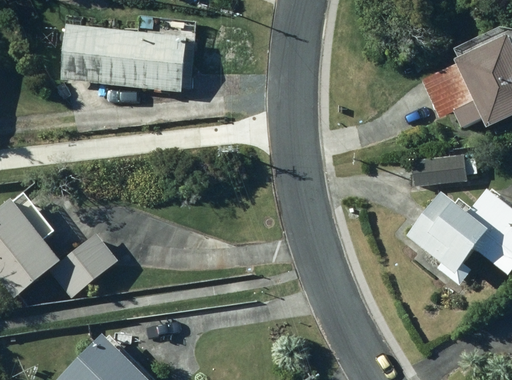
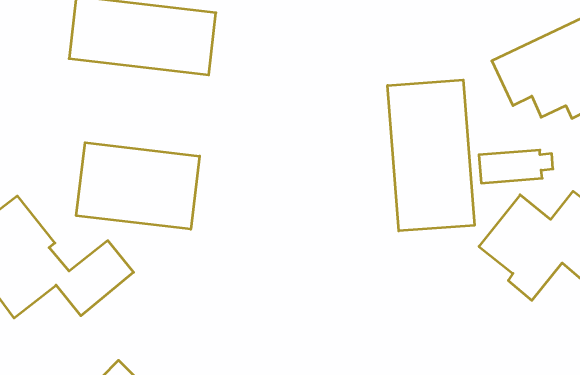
building: none -> [388,80,474,231]
building: none -> [76,143,200,229]

